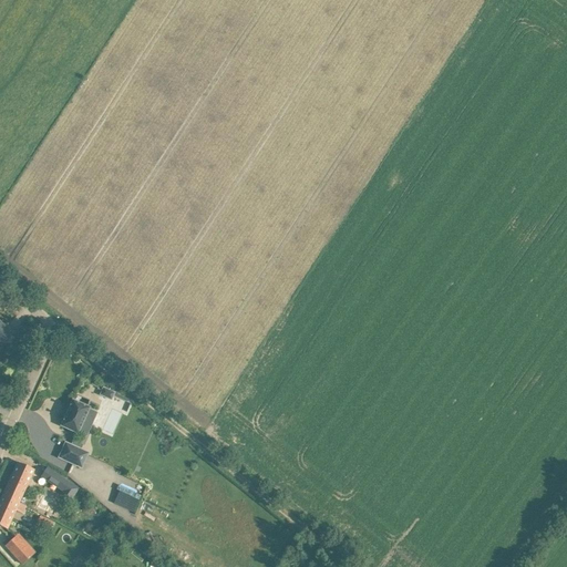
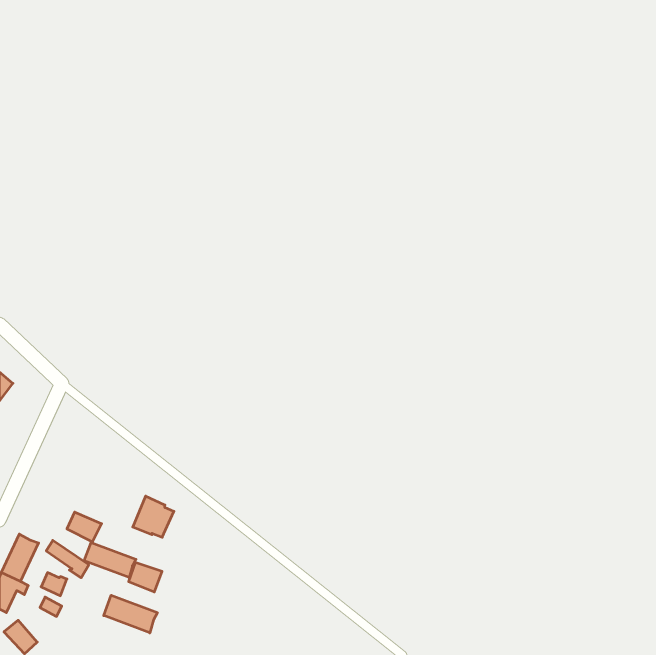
building: [60,398,95,433] -> [133,496,174,537]
building: none -> [84,542,136,578]
building: none -> [104,595,157,633]

